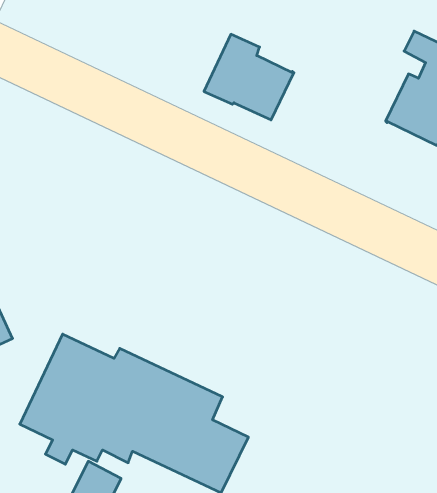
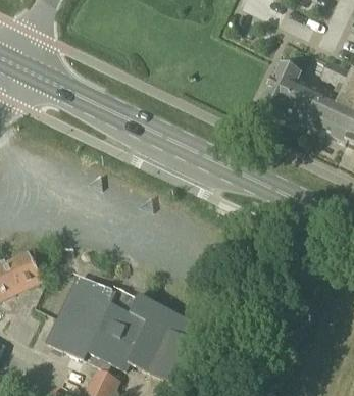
building: [204,34,294,120] -> [260,64,324,126]

